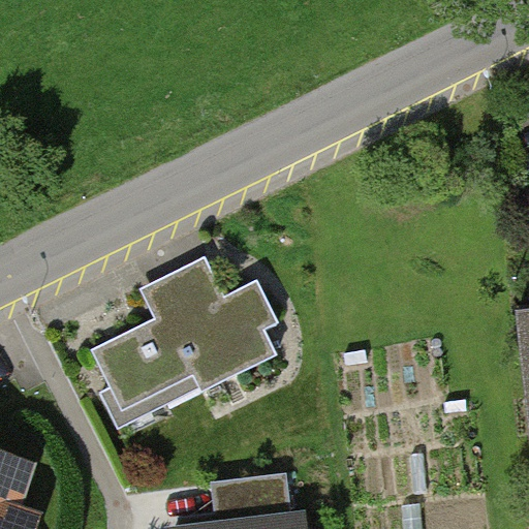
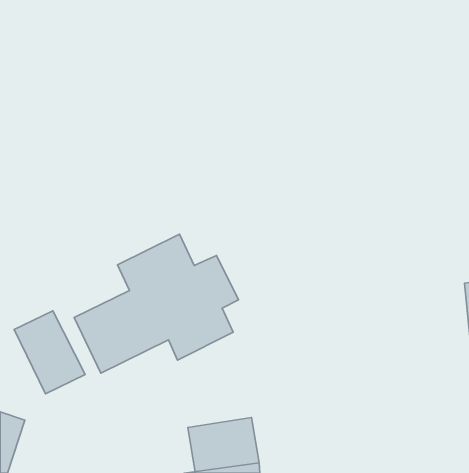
building: none -> [14,311,85,394]

